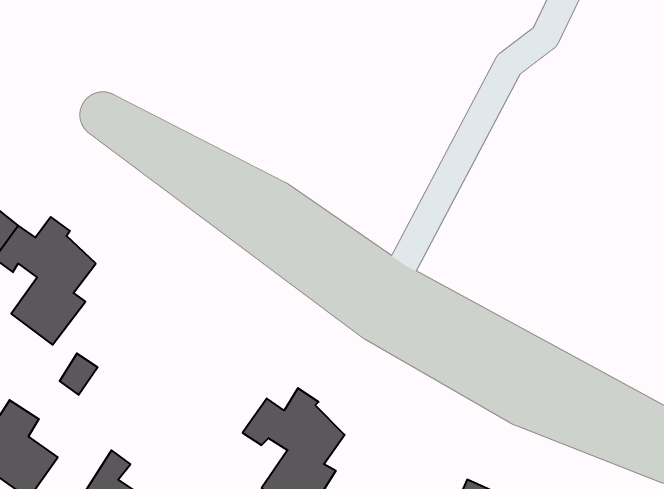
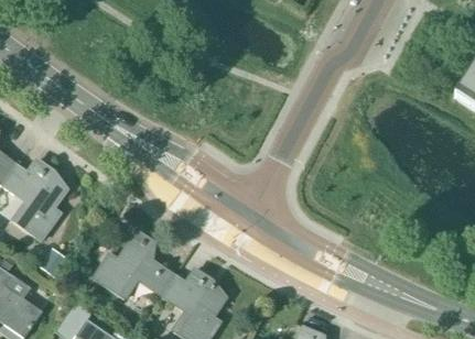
building: none -> [93,228,176,298]

